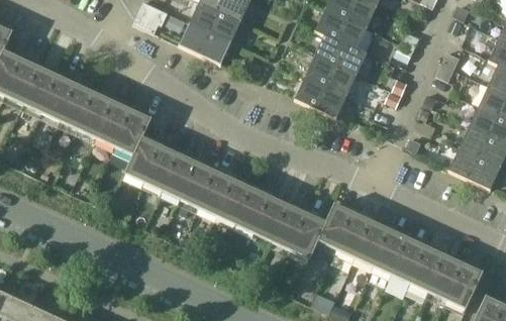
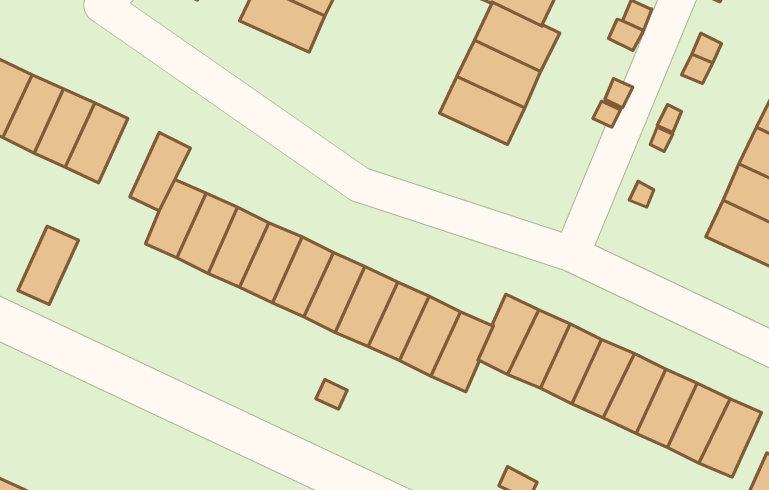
building: [99,100,134,145] -> [18,226,79,305]

